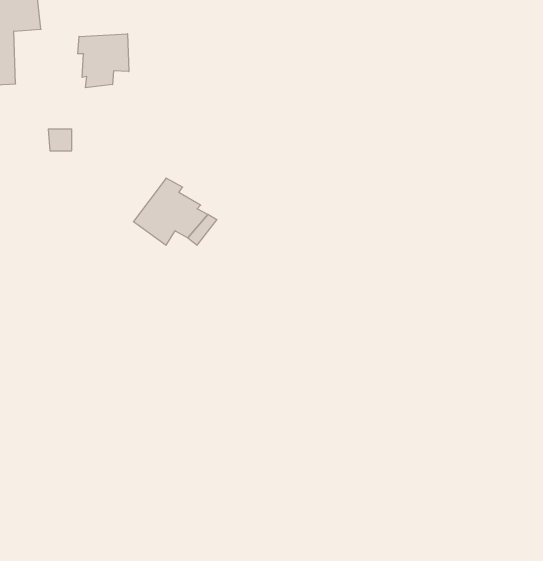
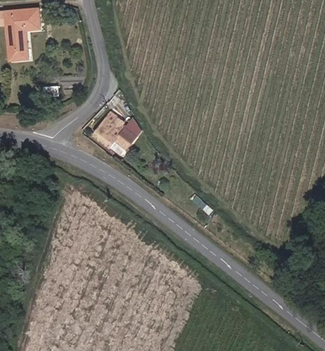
building: [78,34,129,88] -> none

